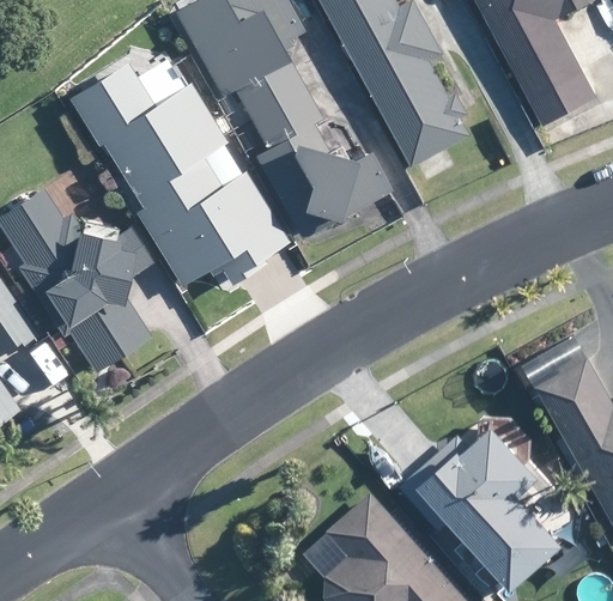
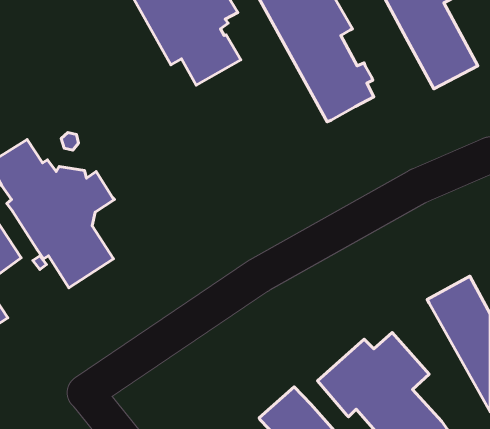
building: [68,56,291,286] -> none
building: [249,89,387,235] -> none

